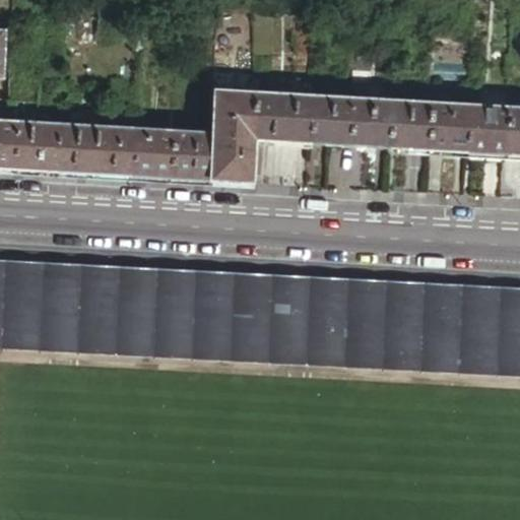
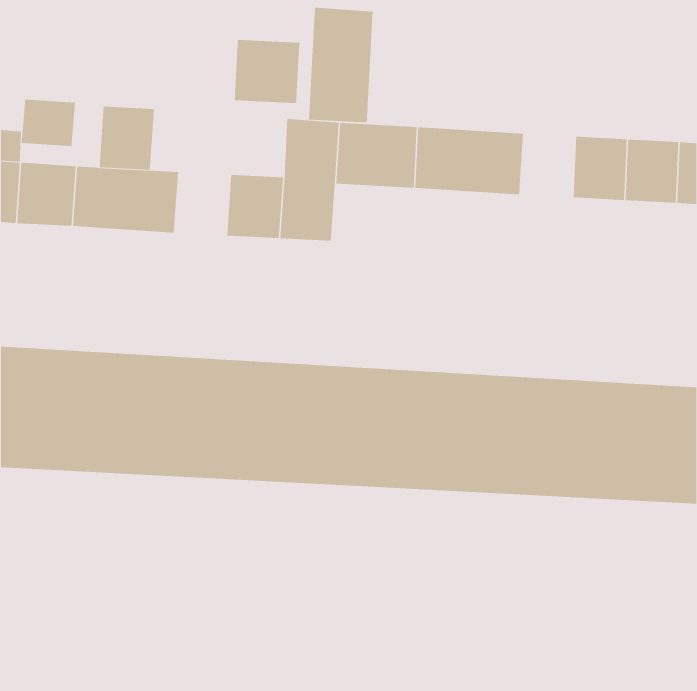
building: none -> [309,7,373,123]
building: none -> [234,39,300,104]
building: none -> [21,99,75,147]
building: [387,100,429,147] -> none
building: [130,128,172,176] -> [99,106,155,170]

